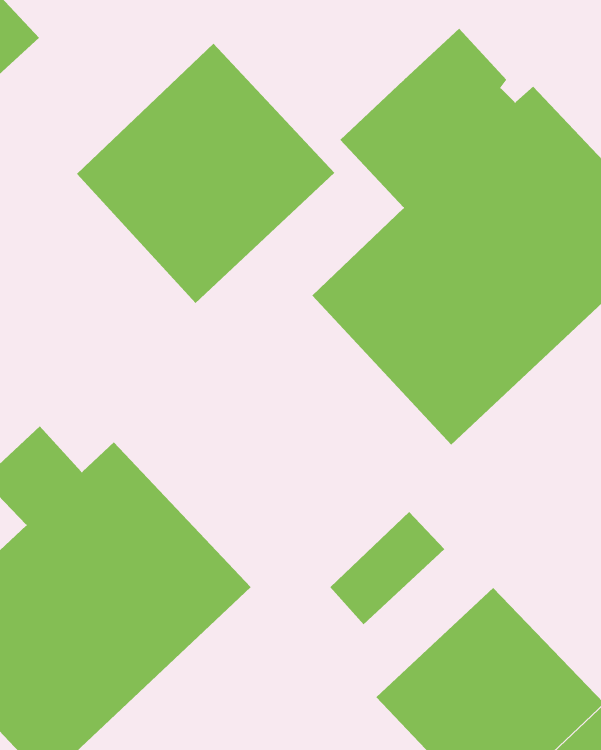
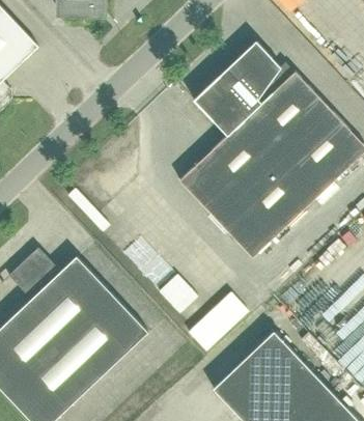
building: [76,43,335,304] -> none

